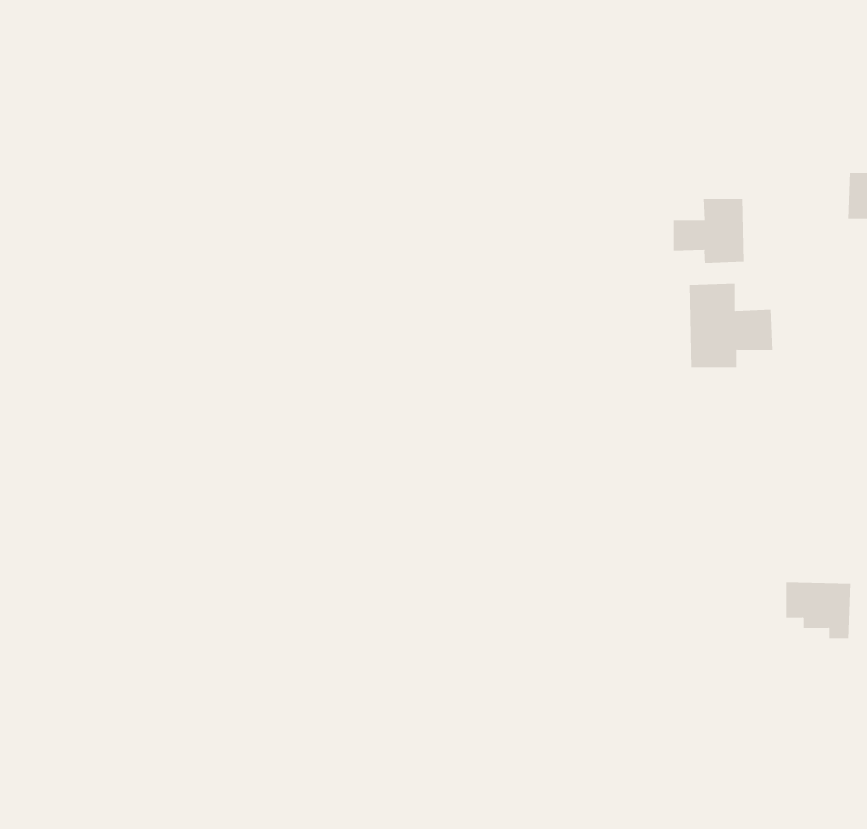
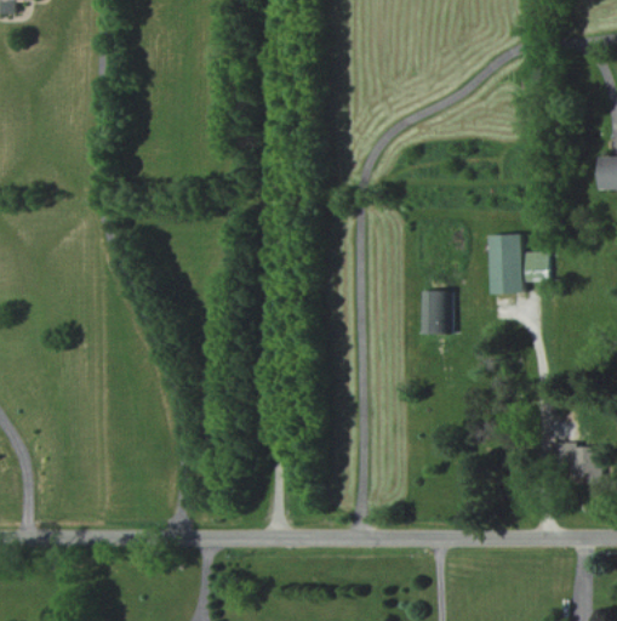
building: [673,198,744,264] -> none
building: none -> [421,291,450,334]

